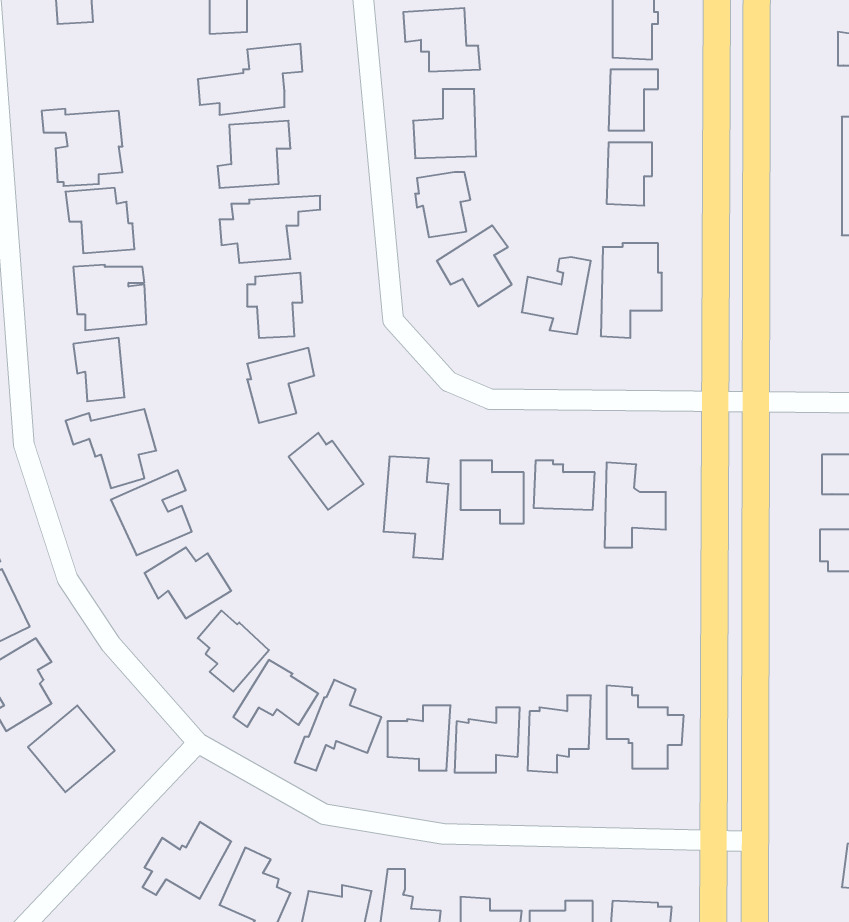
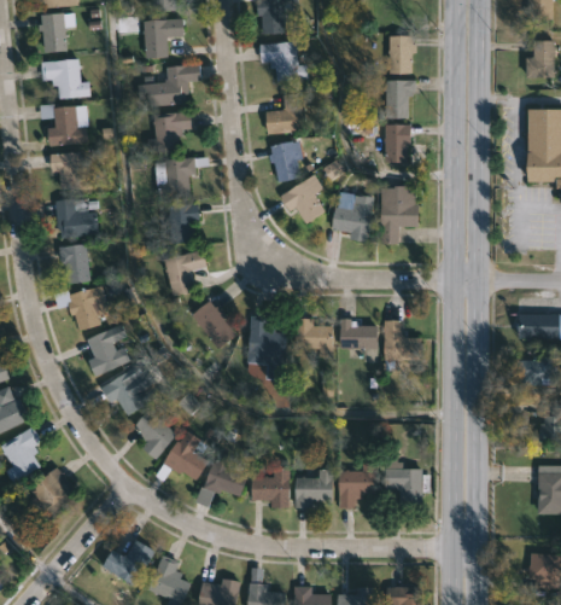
building: none -> [41,58,90,99]

